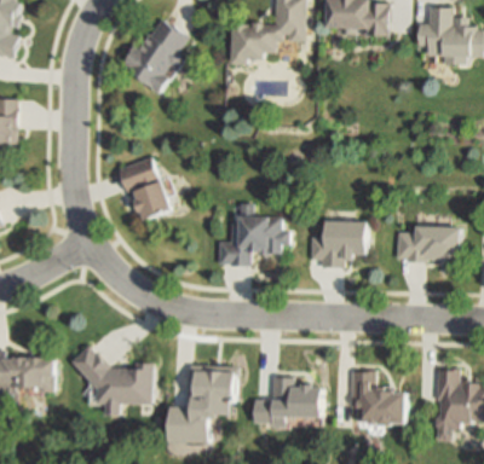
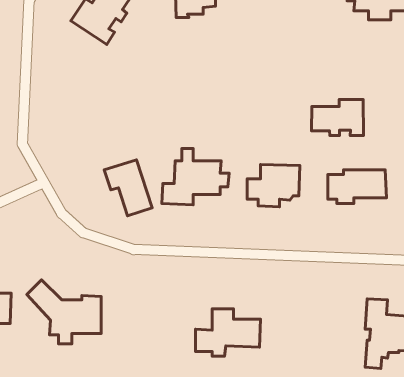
building: none -> [312,100,363,136]
building: [117,158,169,219] -> [104,160,152,216]
building: [171,365,236,443] -> none
building: [351,370,408,424] -> none

